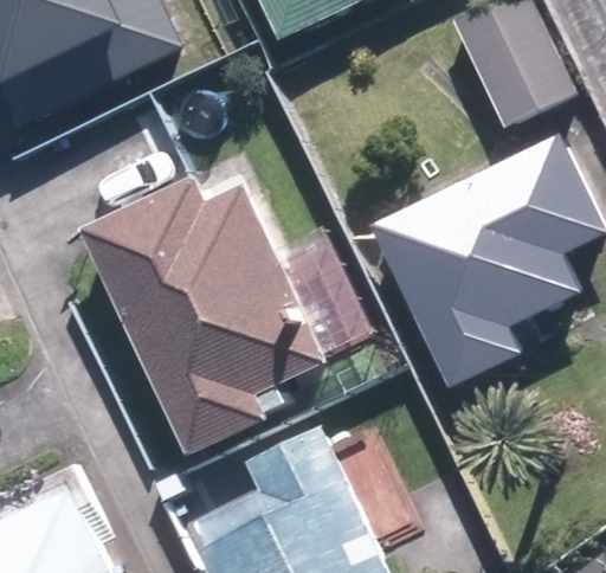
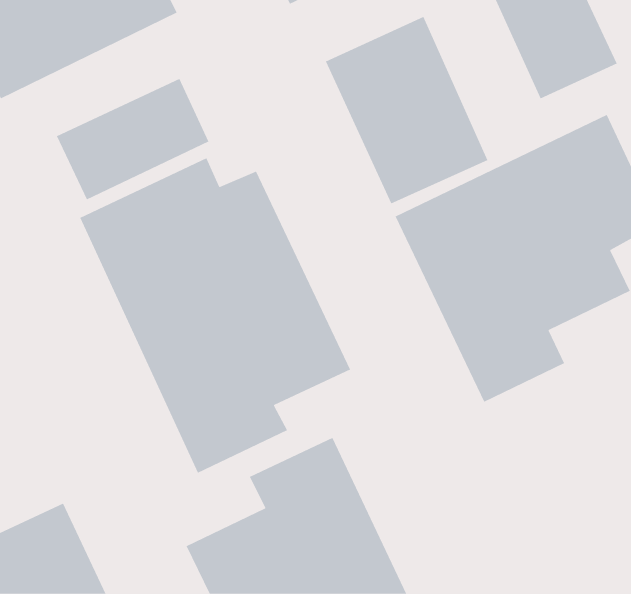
building: none -> [325,16,489,204]
building: none -> [56,78,210,200]

